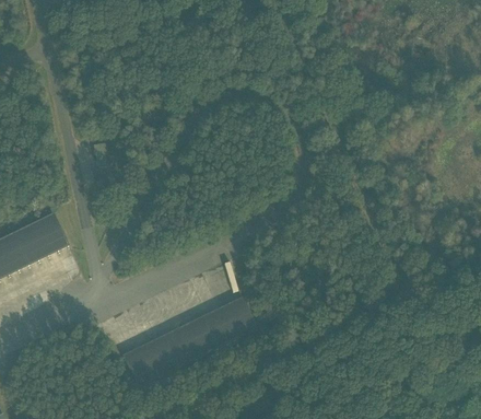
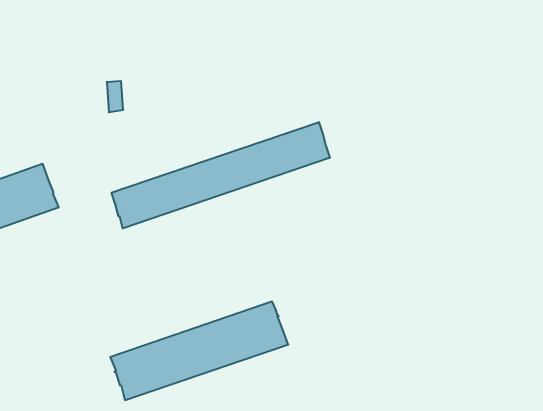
building: none -> [112,122,330,228]

